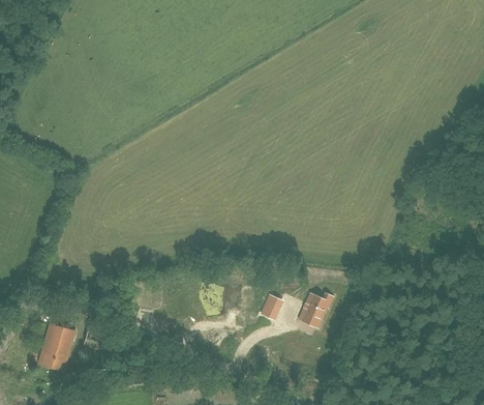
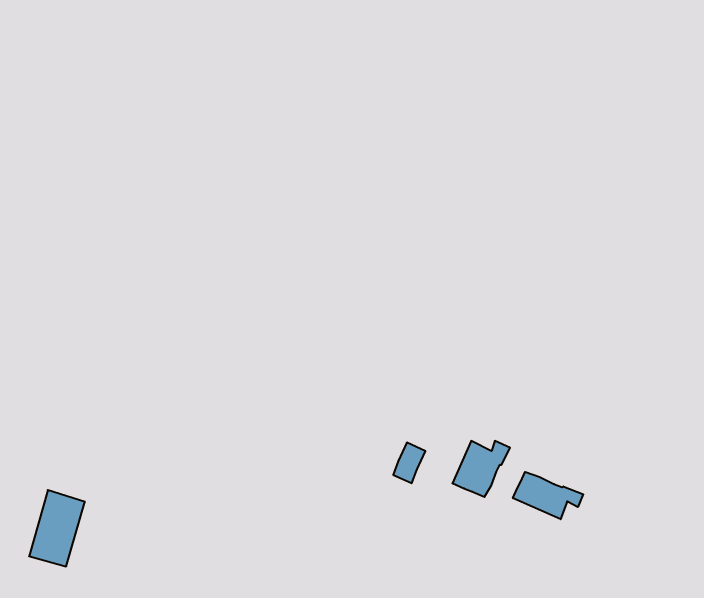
building: none -> [513,472,583,519]

